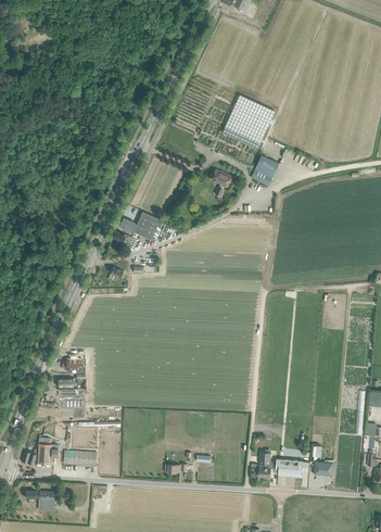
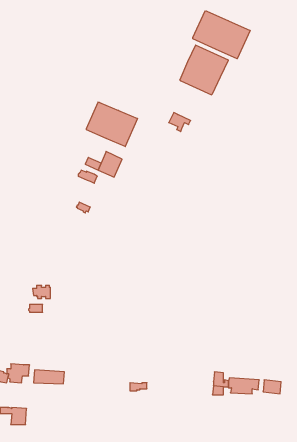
building: none -> [193,11,250,59]
building: [251,154,279,186] -> none
building: none -> [87,102,137,147]

